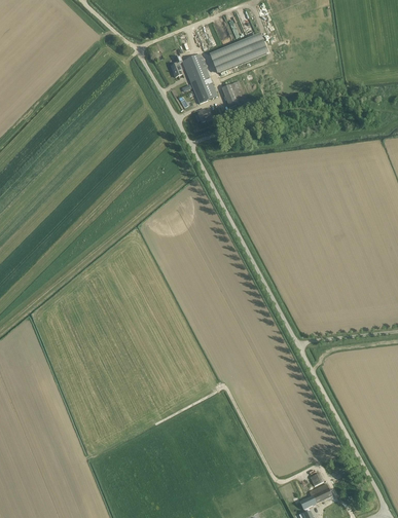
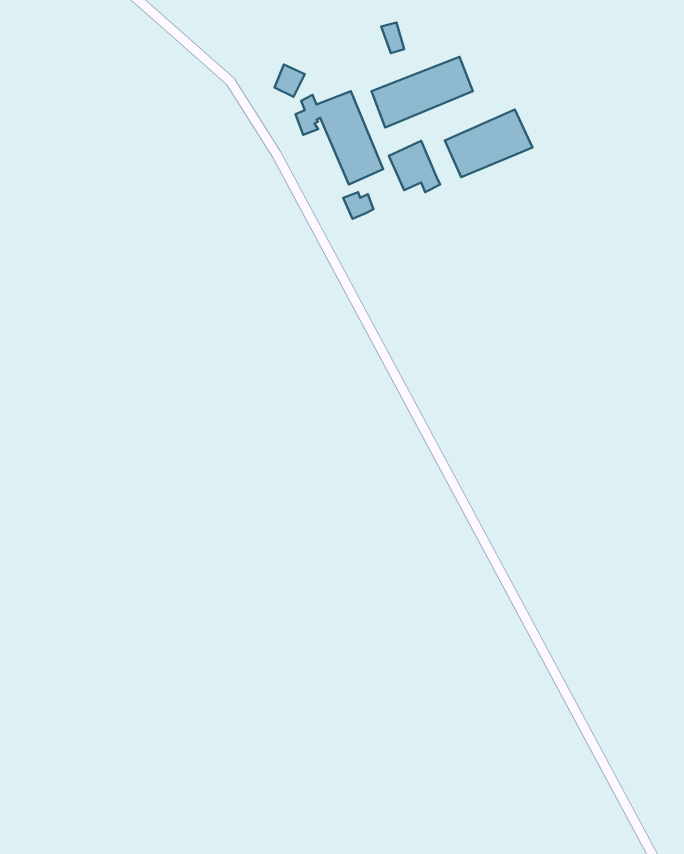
building: none -> [445,110,532,177]

